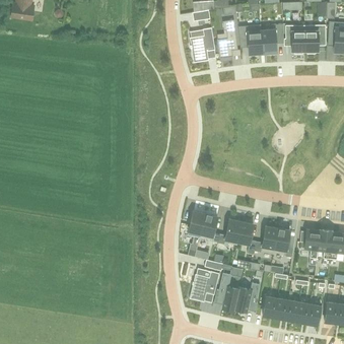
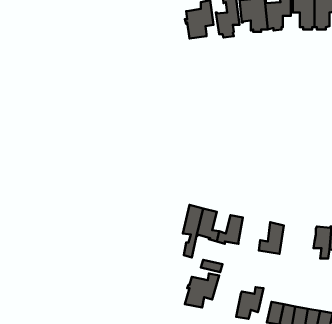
building: [236,221,256,254] -> none
building: [273,228,293,257] -> none
building: [218,273,238,312] -> none

